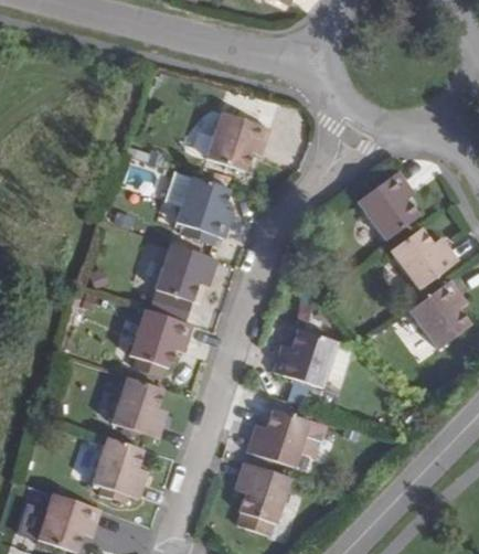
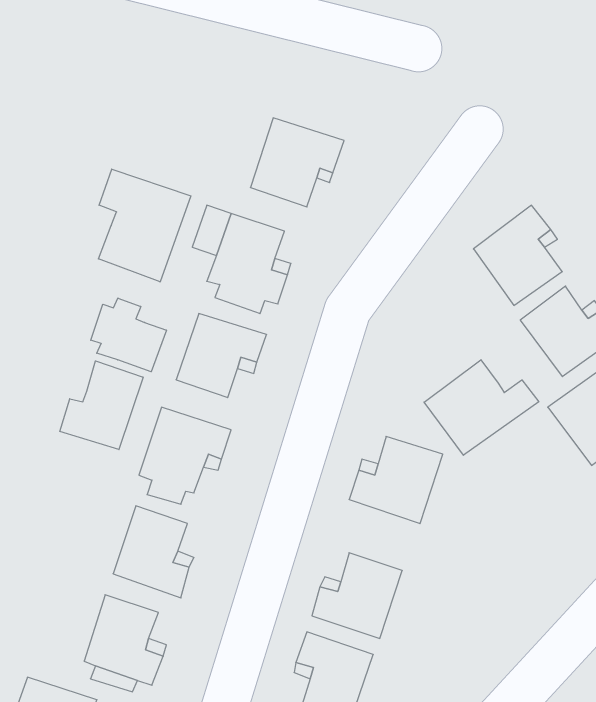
building: none -> [98,169,191,282]
building: none -> [91,298,166,372]
building: none -> [424,360,539,455]
building: none -> [60,361,143,450]

